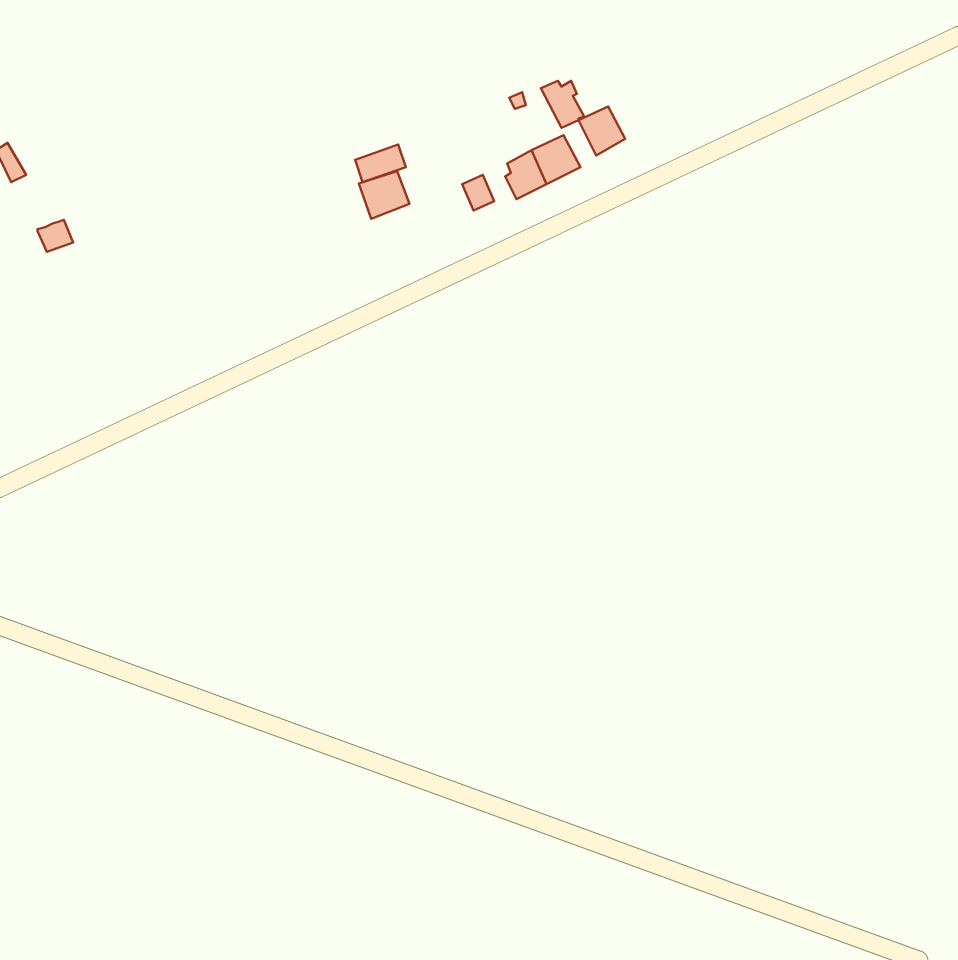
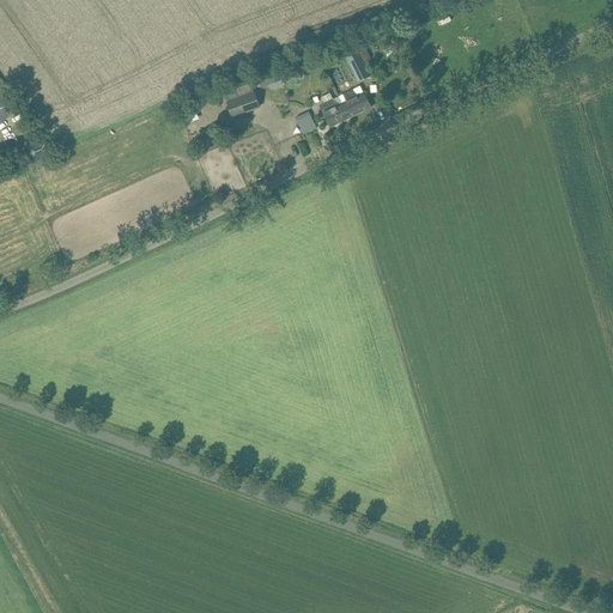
building: [579,106,625,155] -> none
building: [359,171,409,219] -> none

